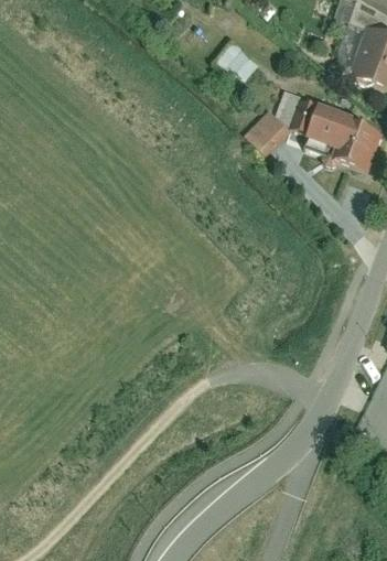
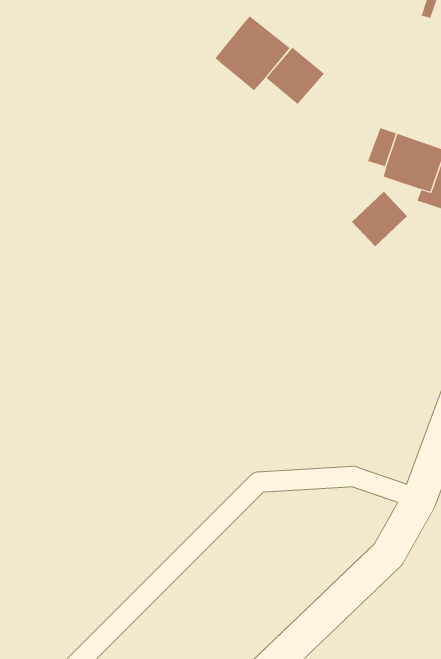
building: none -> [215,16,290,91]
building: [247,108,291,152] -> [351,191,408,247]

